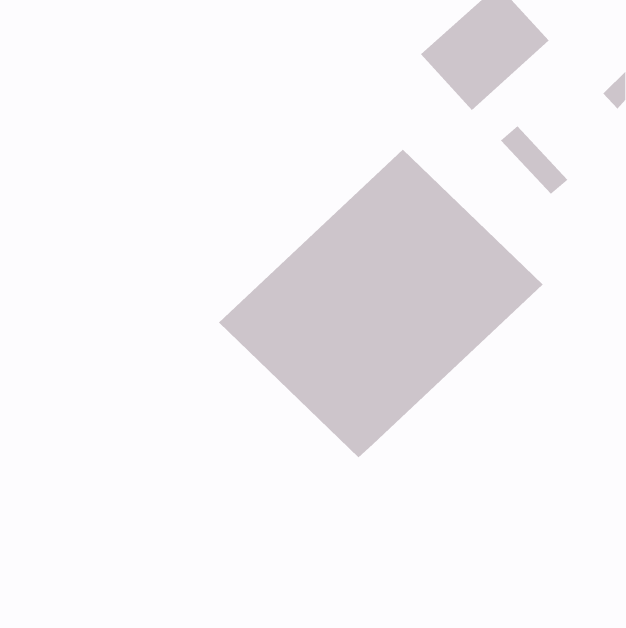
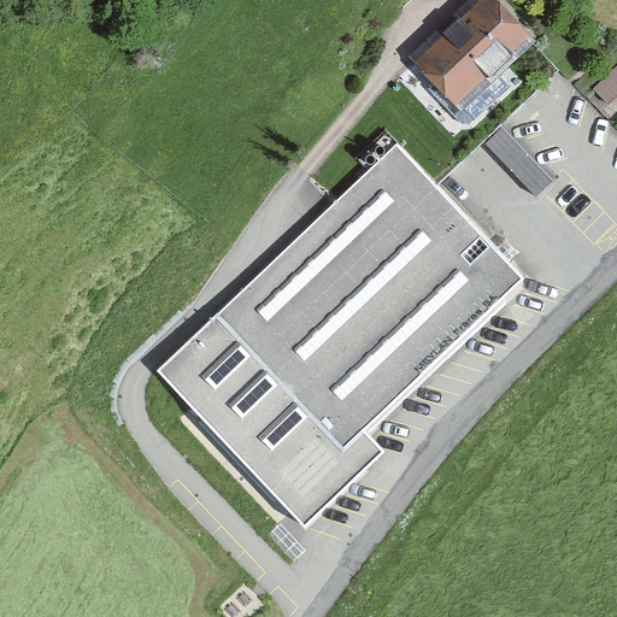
building: none -> [154,316,381,525]

